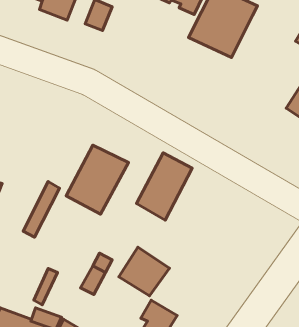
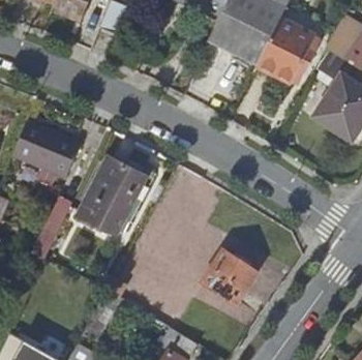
building: none -> [258,18,316,77]
building: none -> [12,120,80,183]
building: [136,153,192,220] -> none
building: [119,247,170,296] -> [204,250,259,303]

